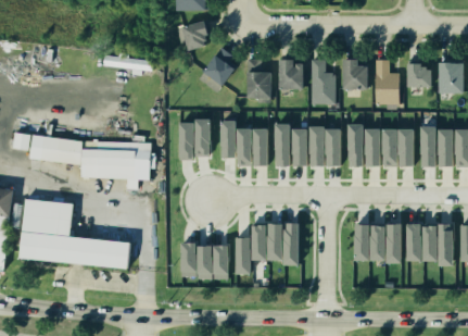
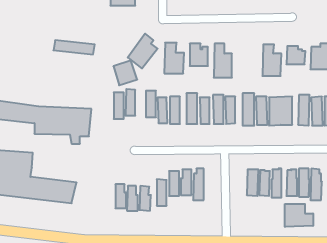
building: [179,18,211,51] -> [113,60,137,85]
building: [343,60,368,89] -> none
building: none -> [285,204,313,227]

